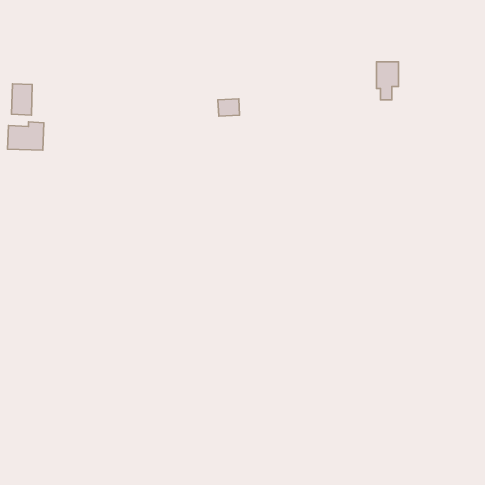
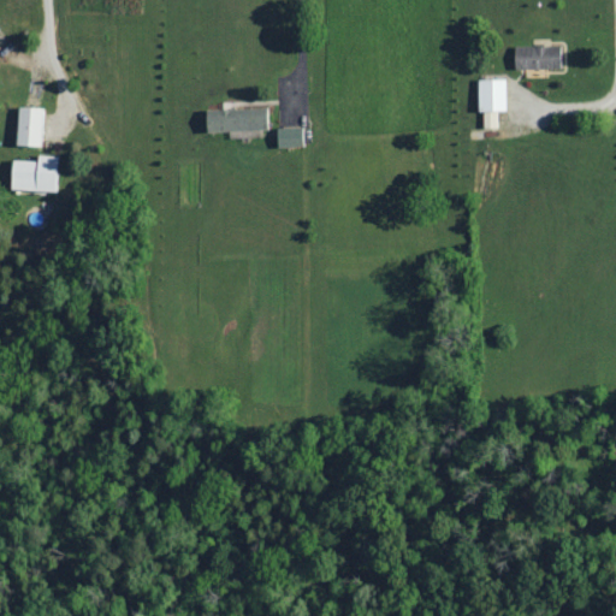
building: none -> [515,46,561,70]
building: none -> [206,107,267,131]

